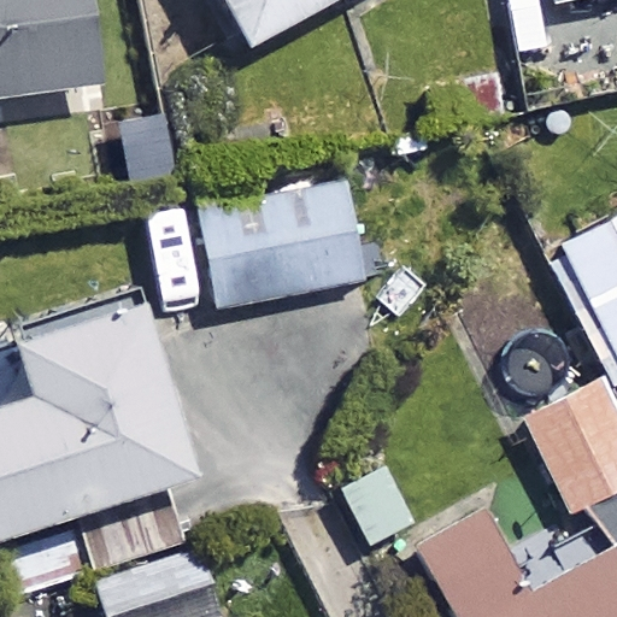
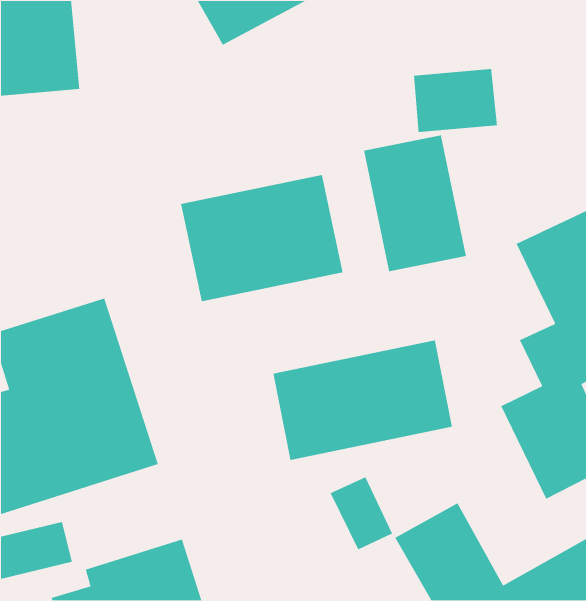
building: none -> [363,135,467,272]
building: none -> [272,340,453,461]

